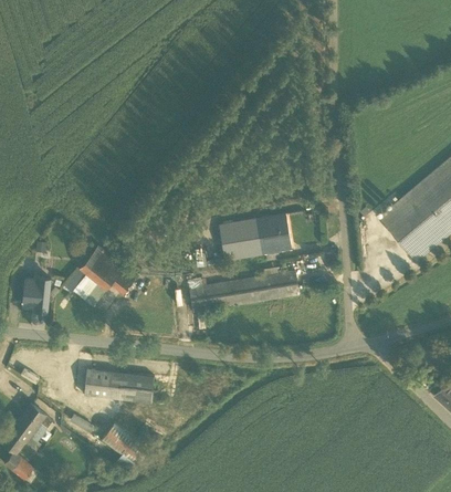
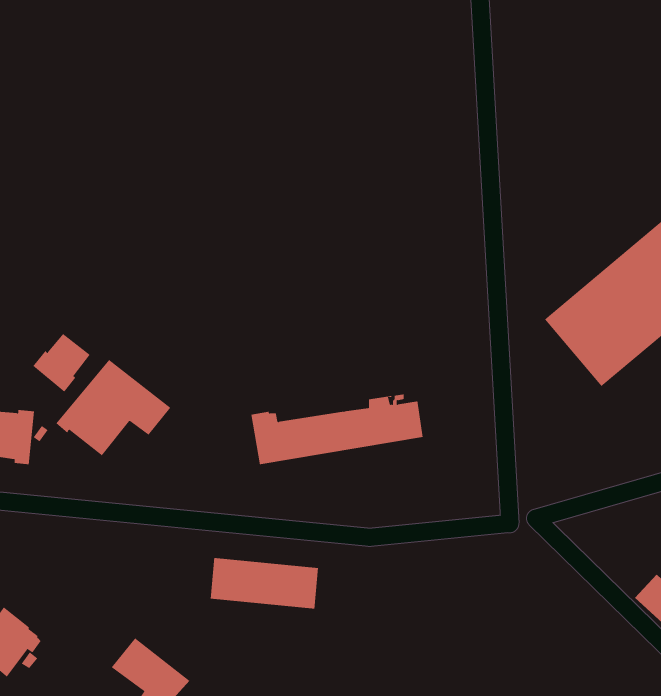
building: [218,214,293,261] -> none
building: none -> [32,333,90,392]
building: [84,369,154,402] -> [210,557,319,609]

